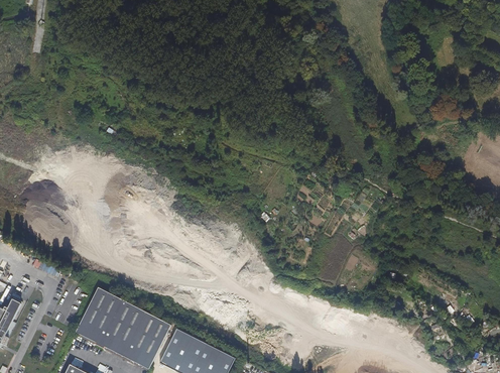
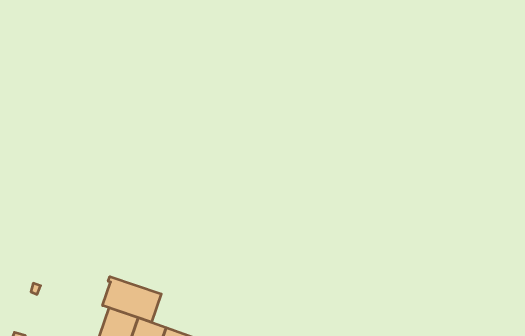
building: none -> [103,277,161,322]

